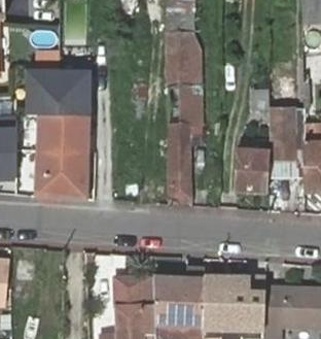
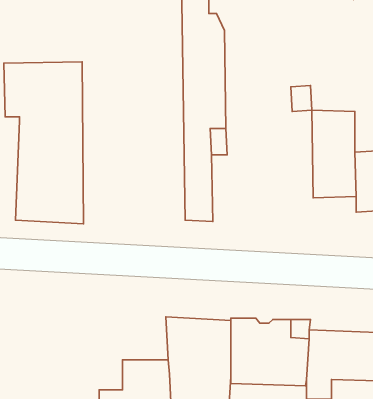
building: [235,150,268,192] -> none
building: [119,273,155,307] -> none

